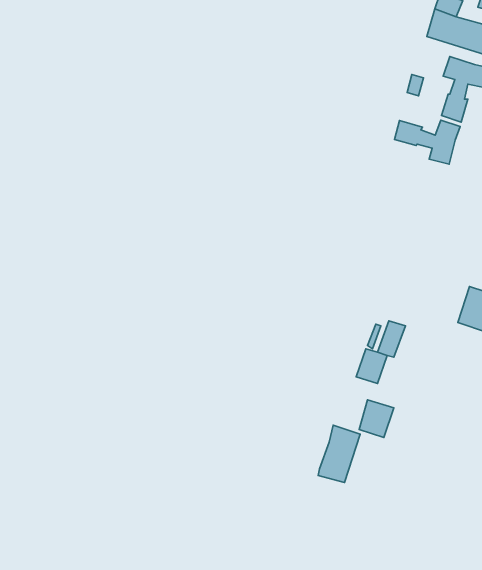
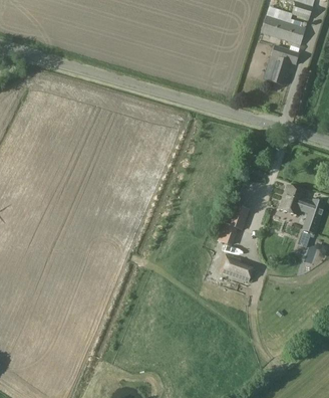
building: [395,120,460,164] -> none
building: [318,425,360,482] -> none

